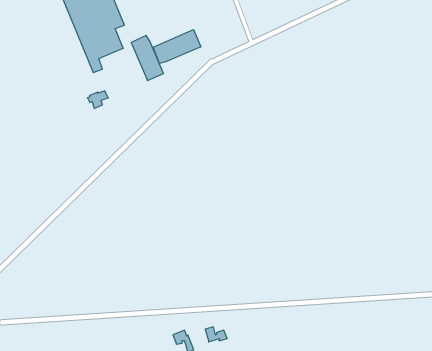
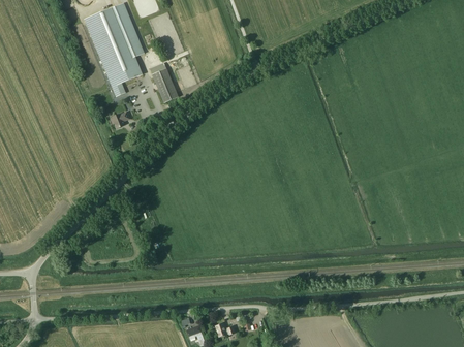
building: [153,30,201,64] -> none

